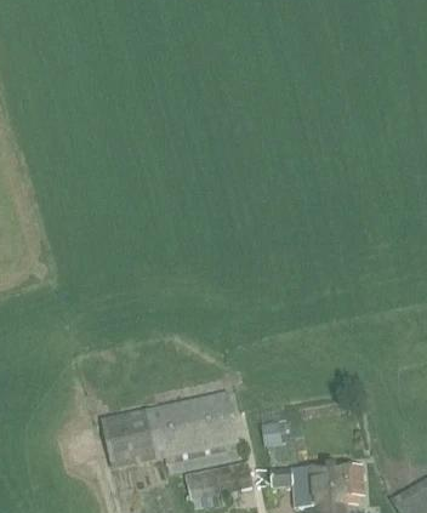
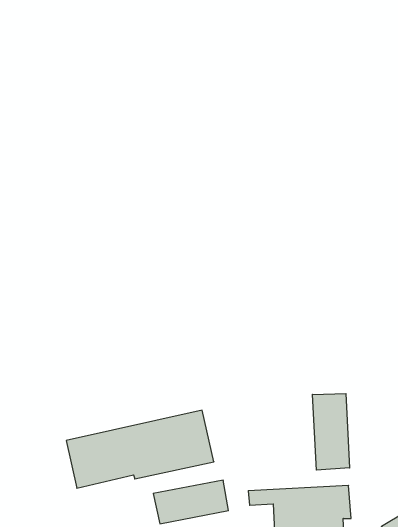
building: none -> [312,394,350,470]

